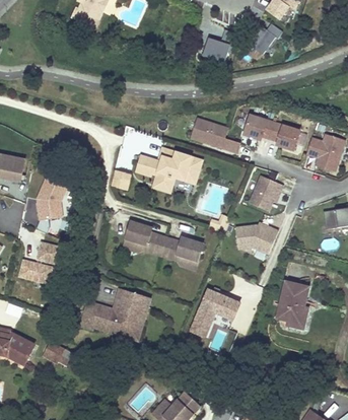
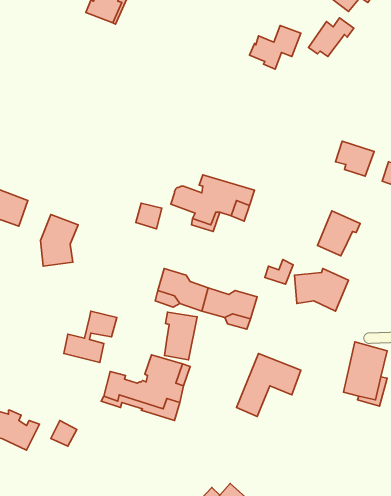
building: [241,113,273,138] -> none
building: [190,115,237,149] -> none
building: [19,242,61,283] -> [64,311,117,363]
building: none -> [164,312,197,360]

